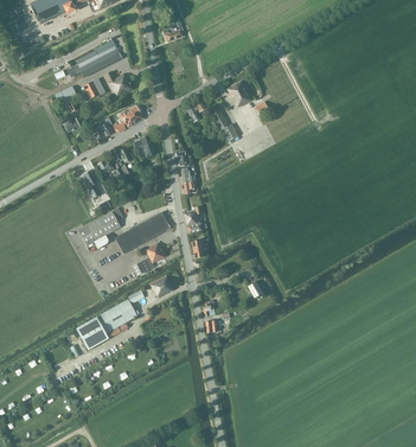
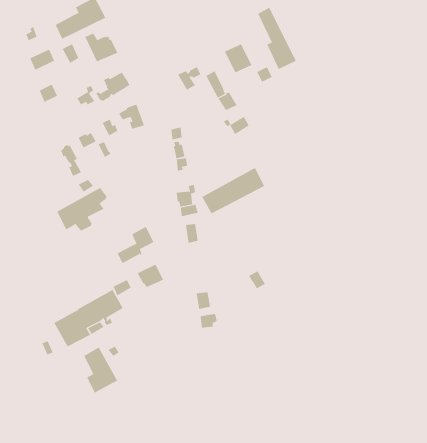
building: none -> [258,7,296,70]
building: [115,211,171,253] -> [202,167,265,214]
building: none -> [83,346,118,393]

